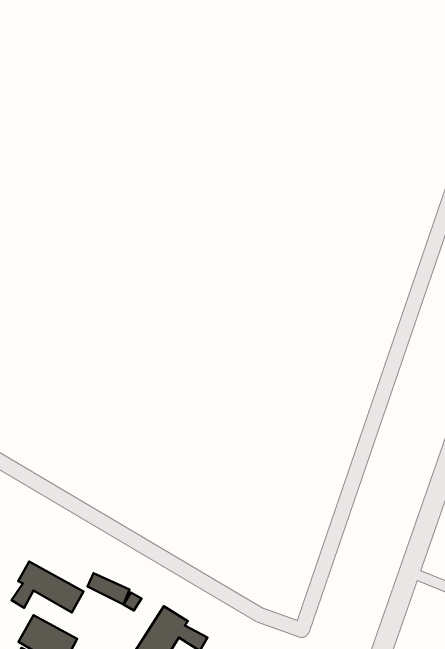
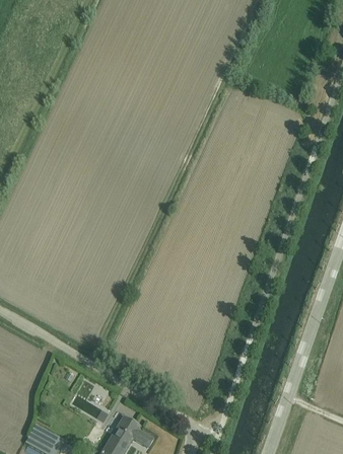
building: [11,562,83,612] -> none

